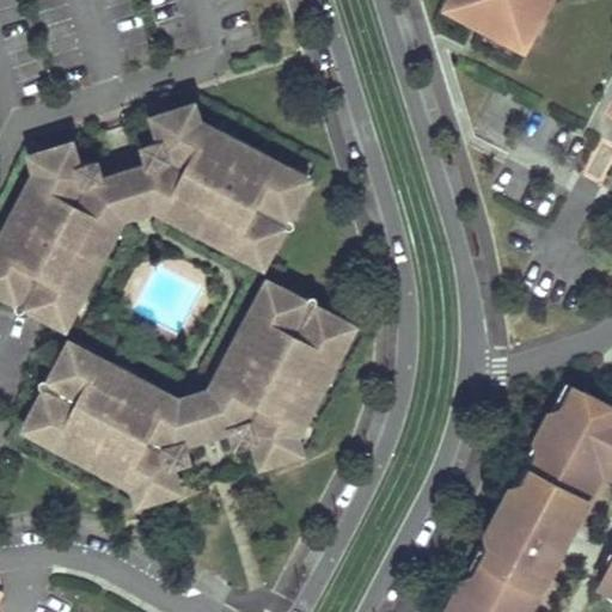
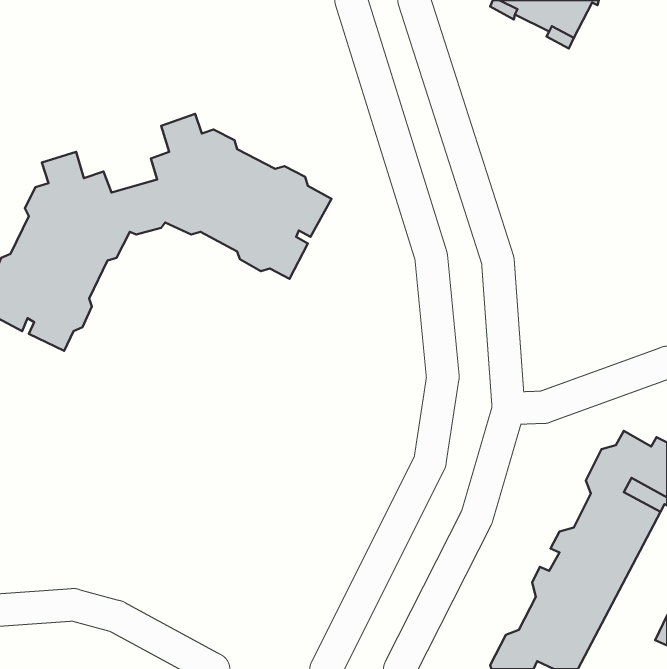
building: [24,282,347,498] -> none

